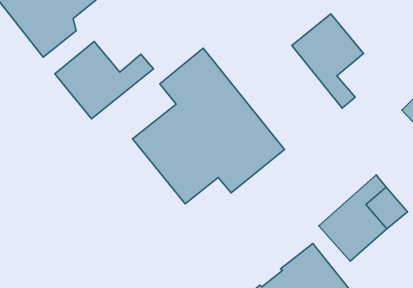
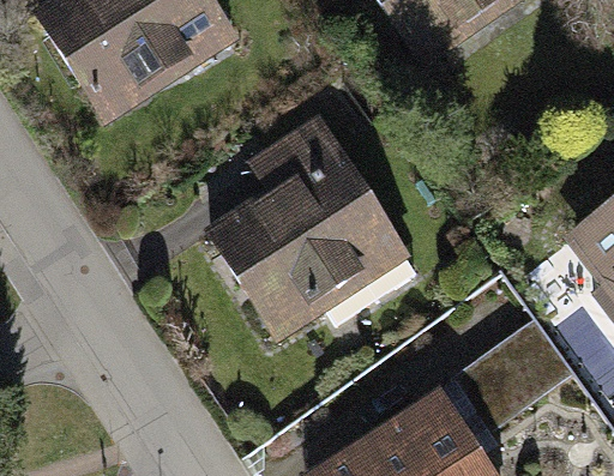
building: [292,14,364,108] -> none
building: [55,42,154,119] -> none

